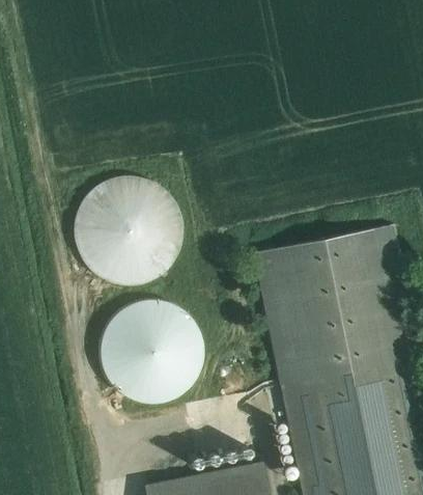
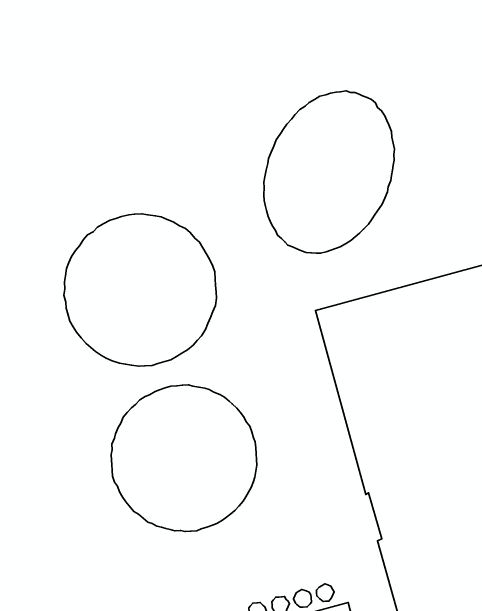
building: none -> [264,91,395,253]

